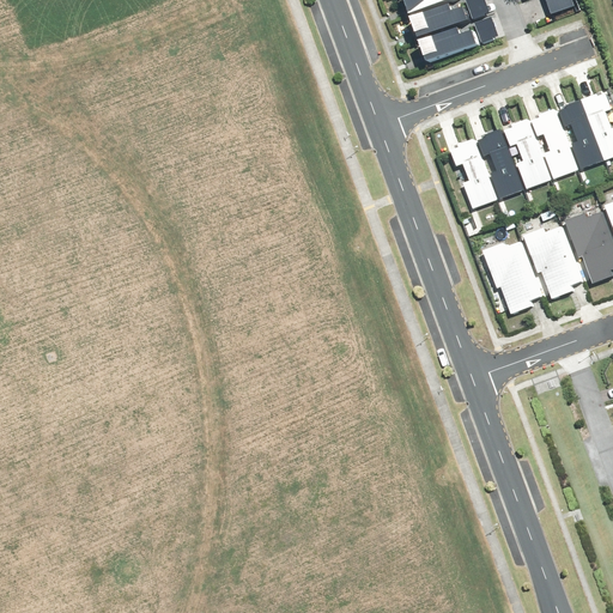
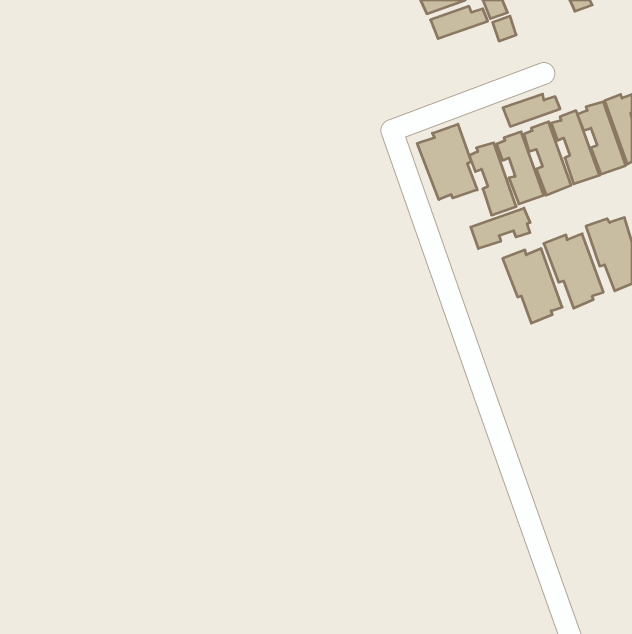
building: [423,29,478,60] -> [503,94,560,126]
building: none -> [417,124,477,200]
building: none -> [471,208,530,249]

